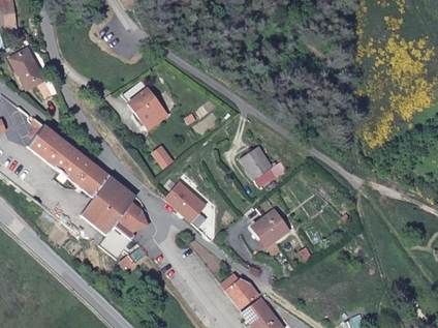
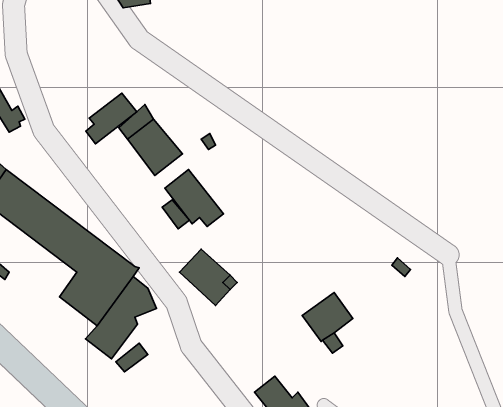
building: none -> [86,93,137,144]
building: none -> [165,169,223,226]
building: [242,144,288,184] -> none

